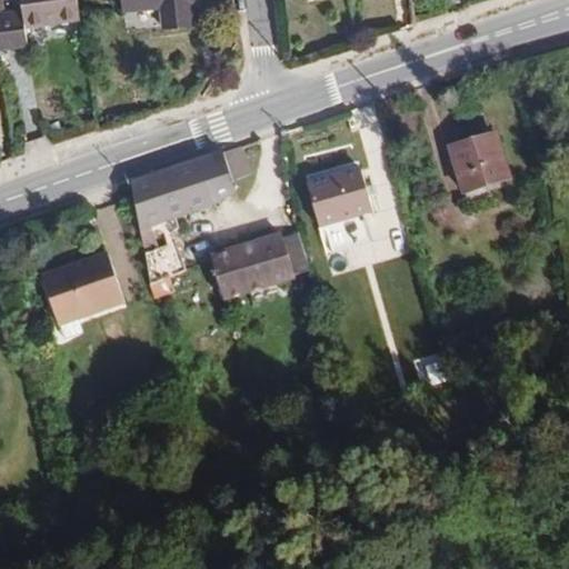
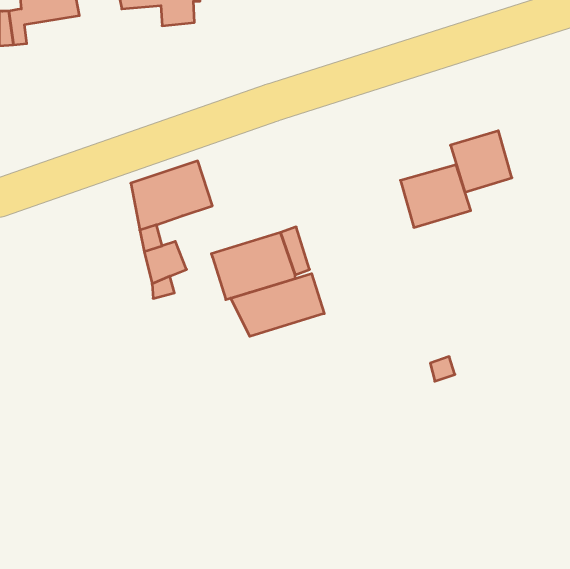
building: [197,146,249,204] -> none
building: [305,166,375,228] -> [400,165,471,227]
building: [39,251,123,340] -> none
building: none -> [231,274,324,336]

